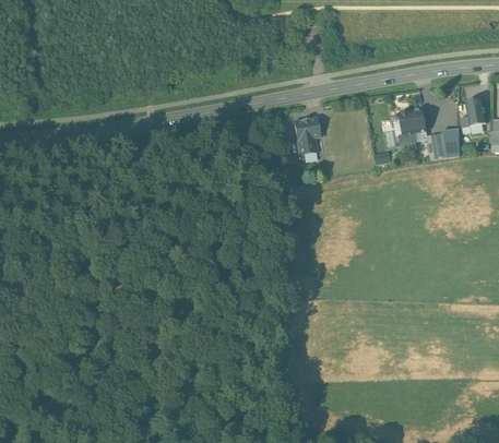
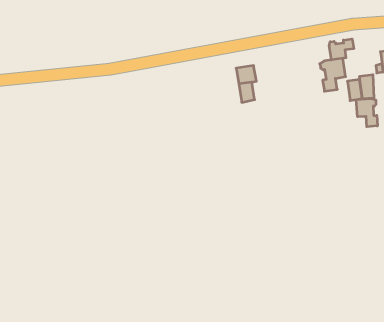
building: none -> [329,39,354,60]
building: none -> [356,98,377,127]

